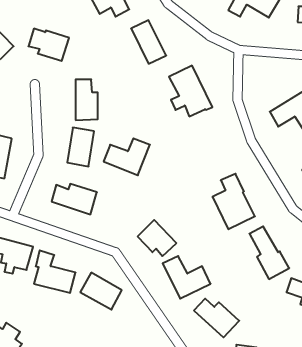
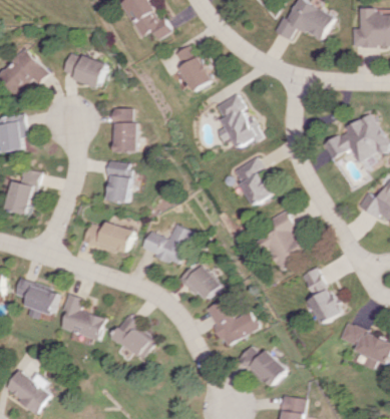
building: none -> [231,157,270,206]
building: [104,138,150,175] -> [139,225,189,265]

